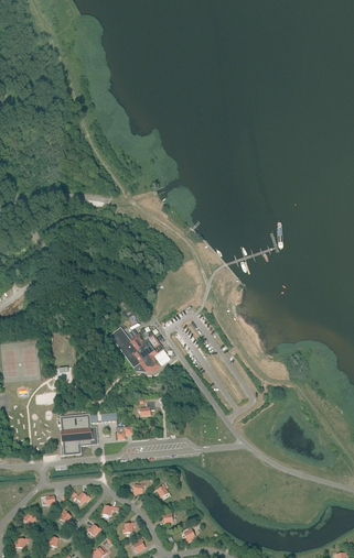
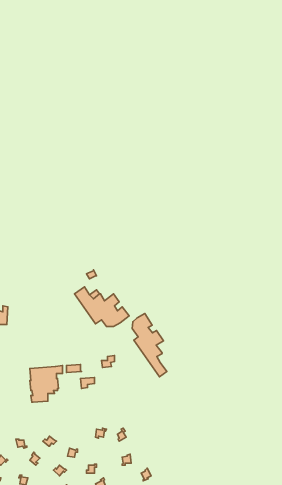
building: none -> [132,313,167,377]

